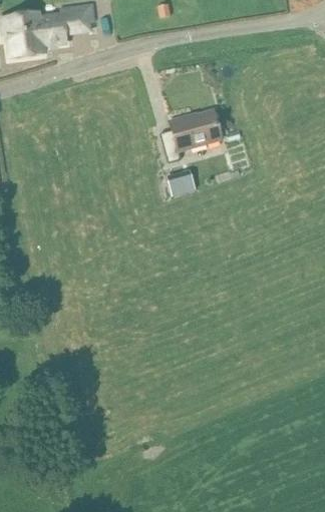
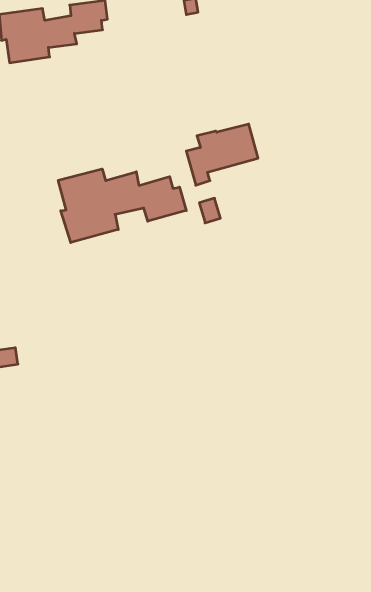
building: none -> [58,169,186,243]

